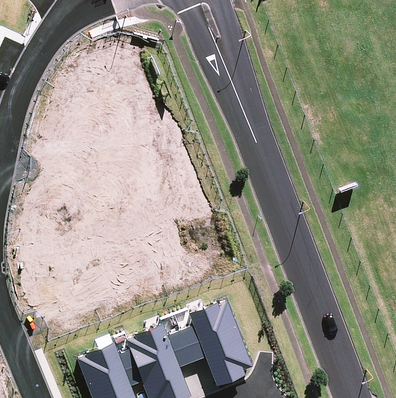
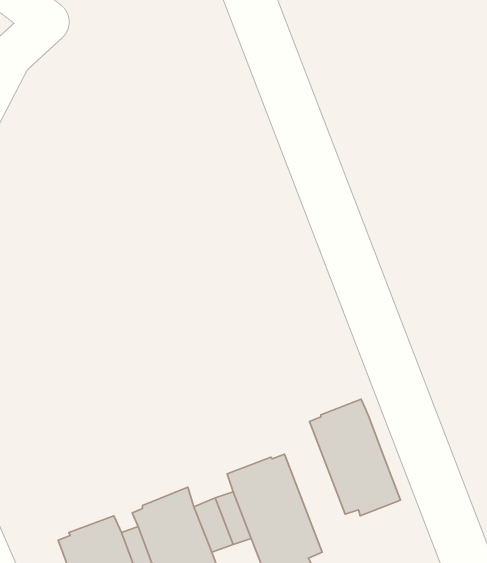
building: none -> [310,399,400,516]

